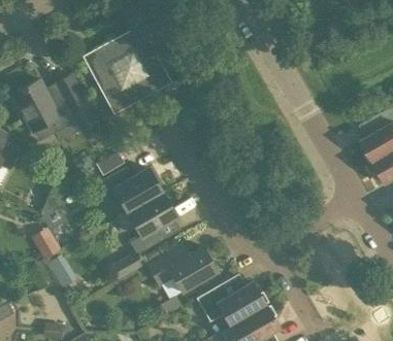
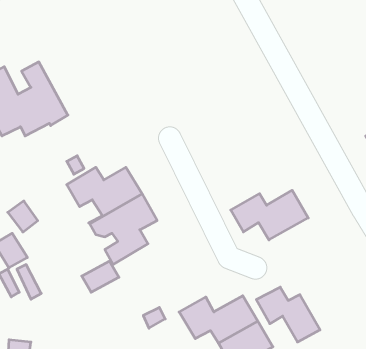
building: [81,25,171,114] -> none
building: [148,247,217,292] -> [231,190,308,240]
building: none -> [256,287,320,342]

